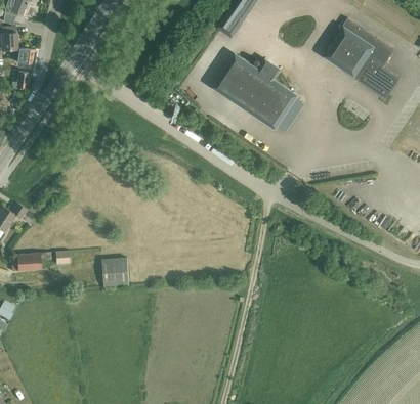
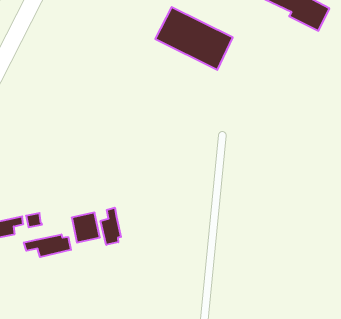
building: none -> [101,208,121,245]
building: none -> [24,234,71,257]

